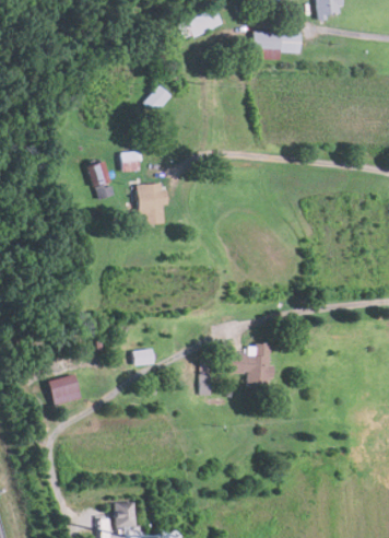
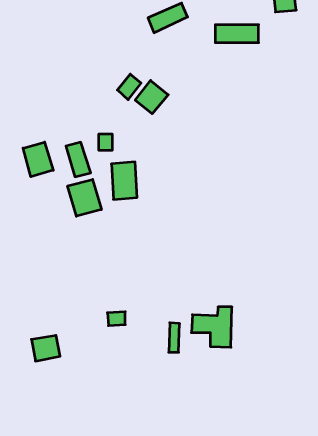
building: none -> [135,80,168,114]
building: none -> [23,142,53,177]
building: none -> [68,179,101,216]

